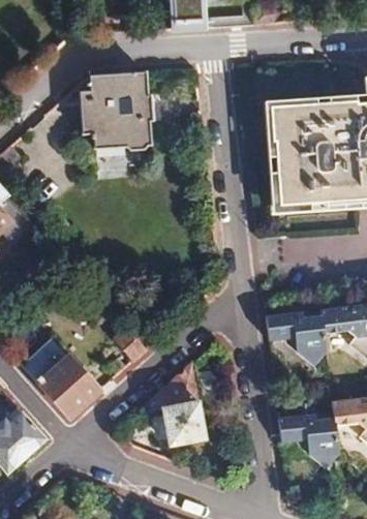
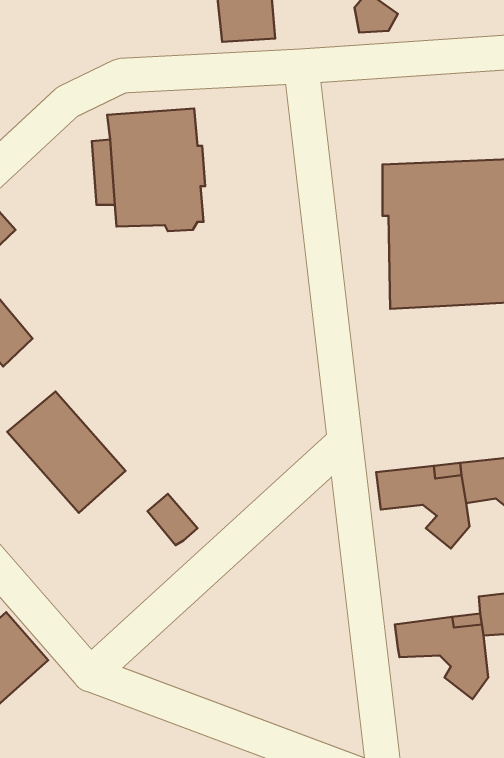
building: [22,338,100,419] -> [7,391,125,513]
building: [160,364,206,447] -> none

